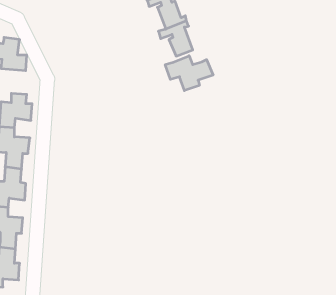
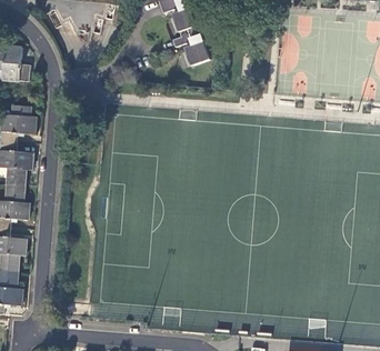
building: [165,56,213,91] -> none

